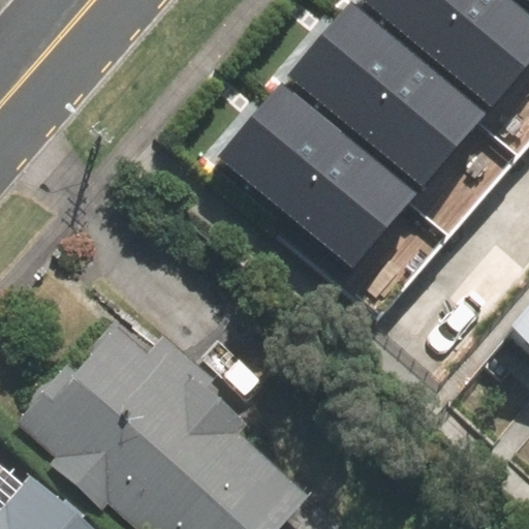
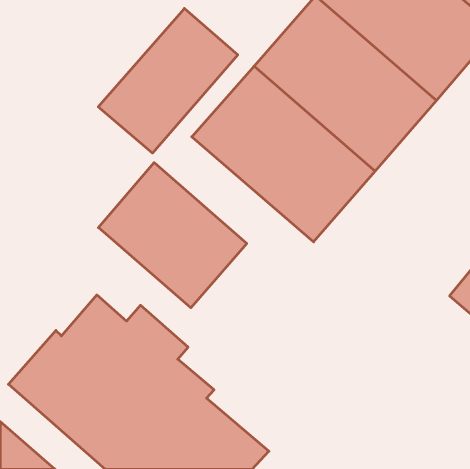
building: none -> [98,8,238,153]
building: none -> [98,163,247,308]

